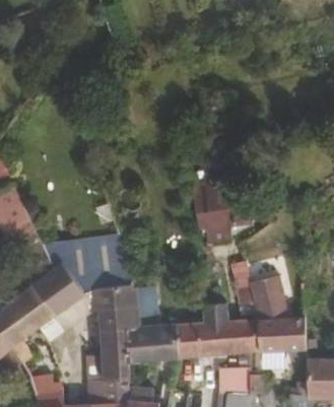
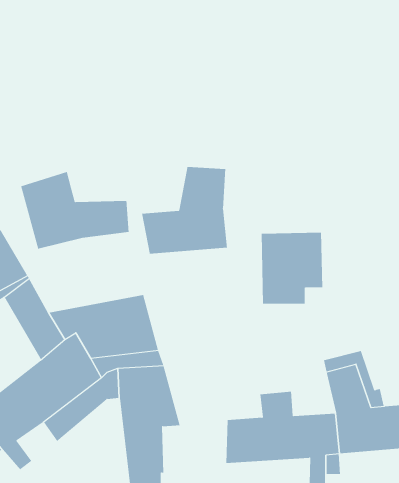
building: none -> [141,166,228,254]
building: none -> [21,171,129,250]
building: [129,326,177,365] -> none

